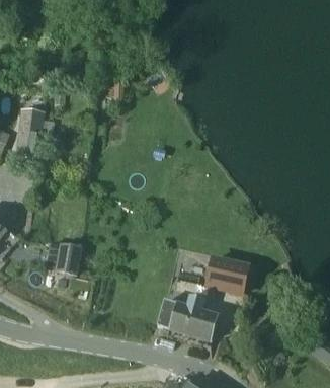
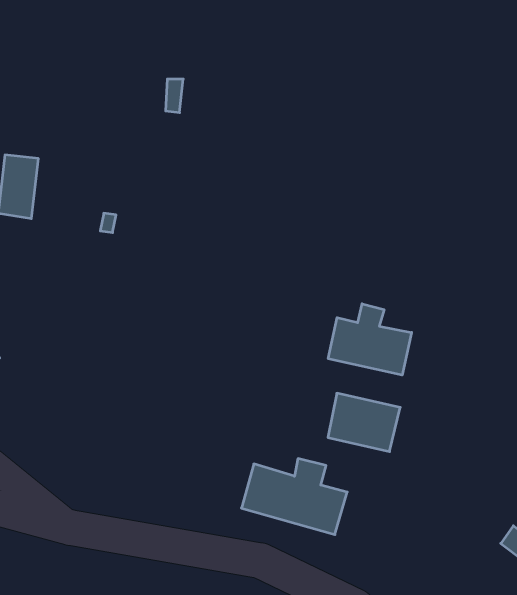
building: none -> [328,304,412,375]
building: [55,242,82,274] -> none

